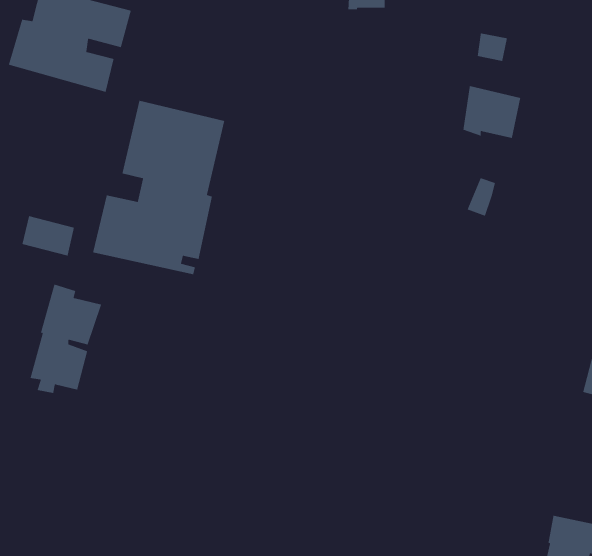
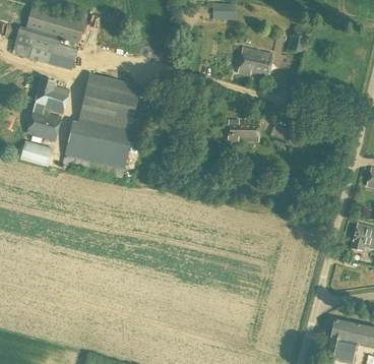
building: [462,85,521,139] -> [238,46,272,77]
building: none -> [228,119,259,141]
building: [30,284,102,394] -> [26,77,69,142]

